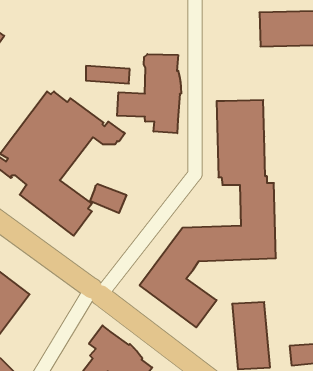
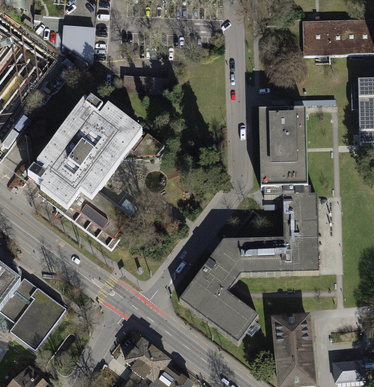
building: none -> [61,25,94,62]
building: [117,54,181,133] -> none
building: [90,184,126,213] -> none

